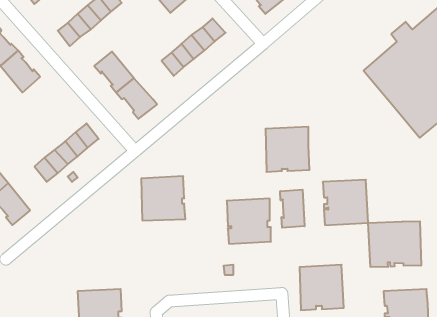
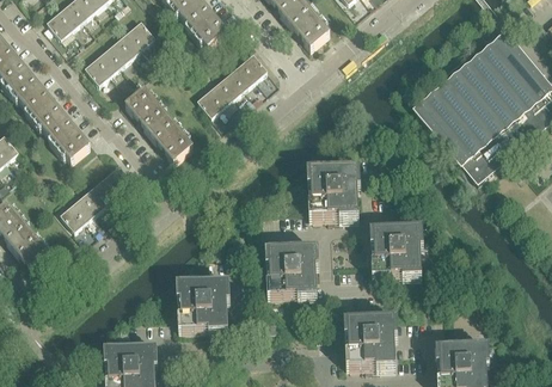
building: none -> [48,117,91,161]
building: [141,176,185,220] -> [180,283,228,331]
building: [280,190,305,228] -> none
building: [368,221,421,267] -> none

